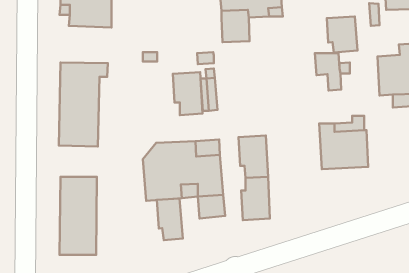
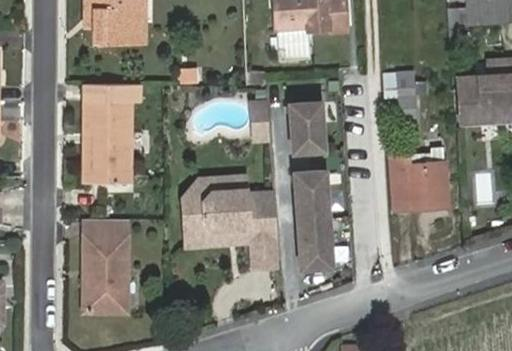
building: [327,17,357,53] -> none
building: [173,72,203,115] -> [290,101,325,152]
building: [157,199,183,240] -> none

